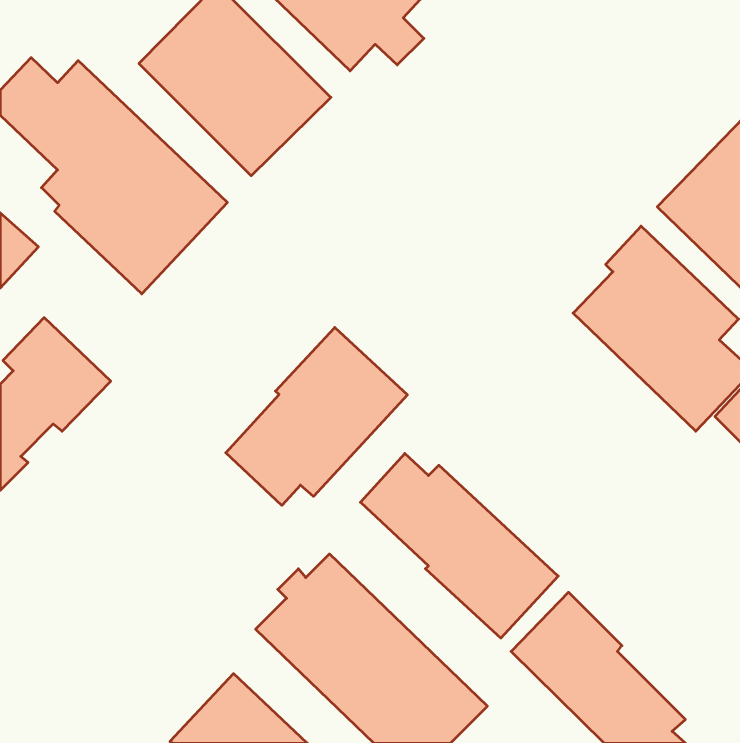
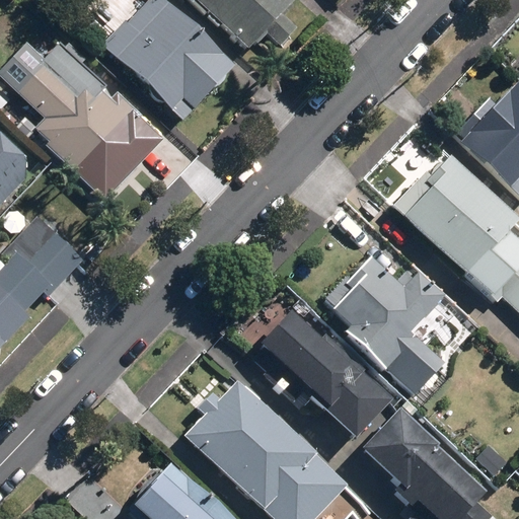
building: [226,327,407,505] -> none
building: none -> [326,255,442,391]

